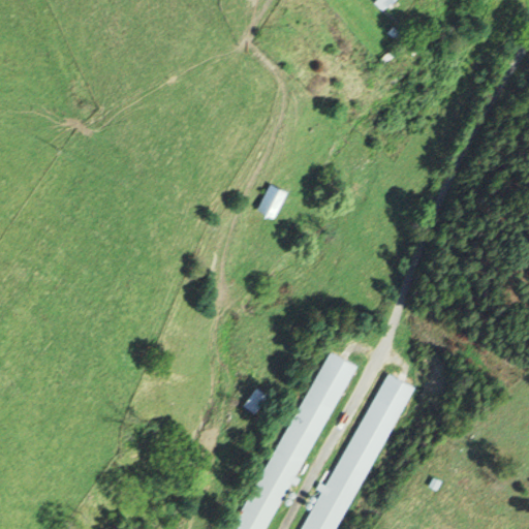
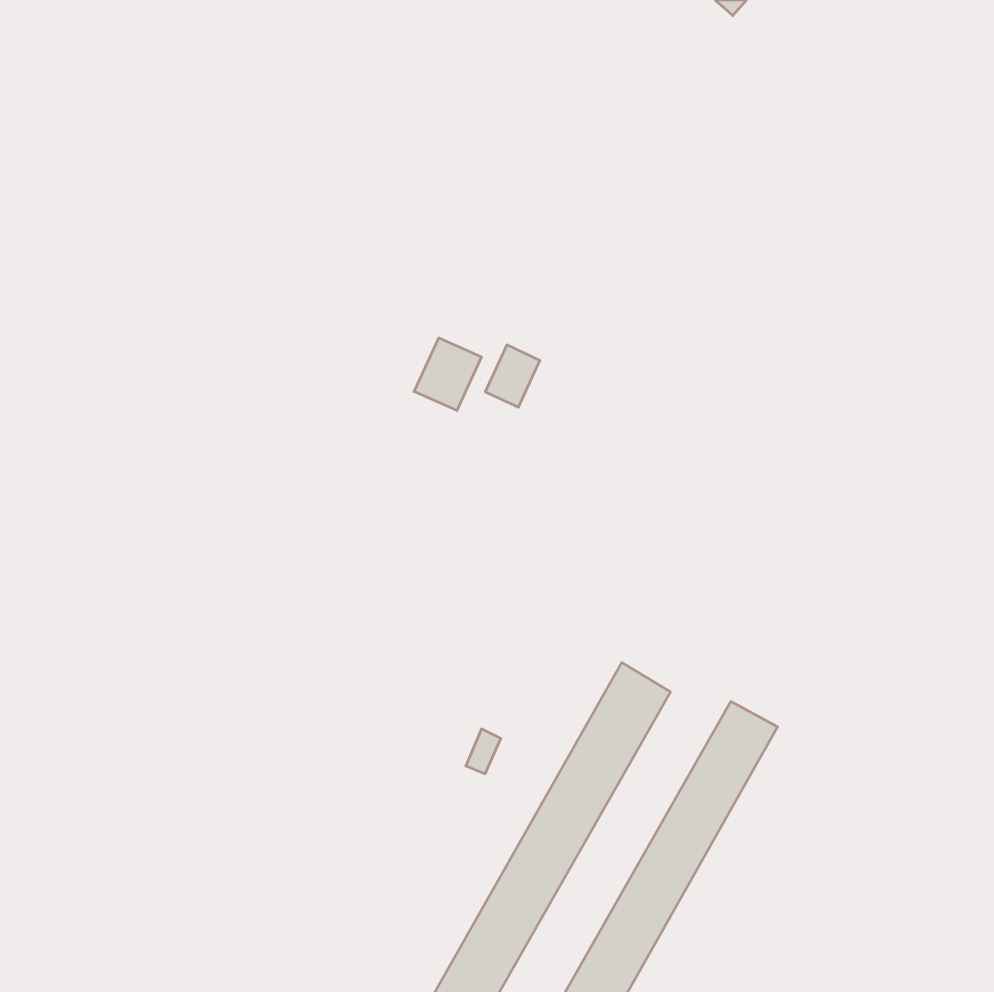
building: none -> [414,338,481,411]

